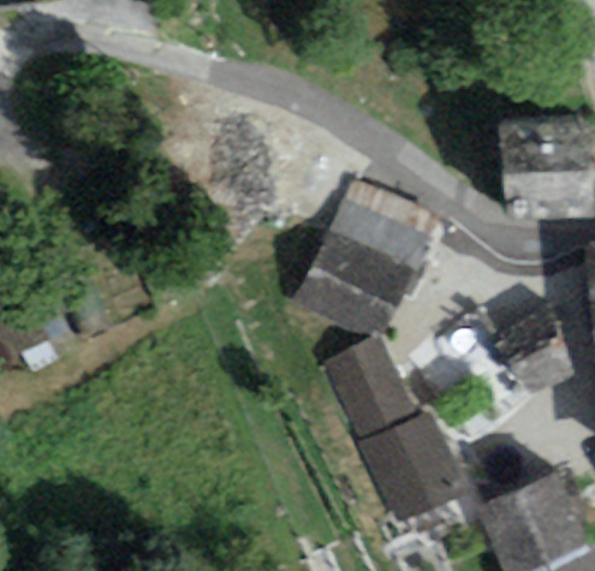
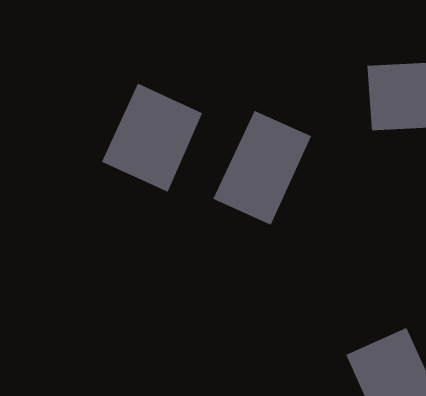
building: none -> [101,82,203,193]
building: [325,341,472,528] -> none

